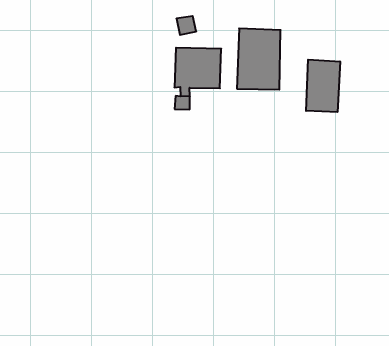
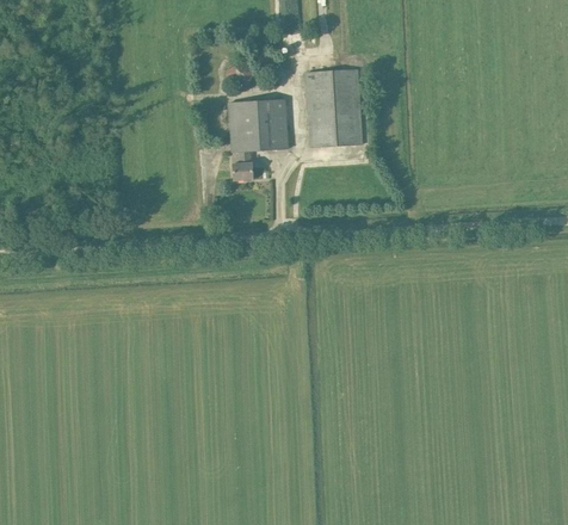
building: [306,60,340,112] -> none

